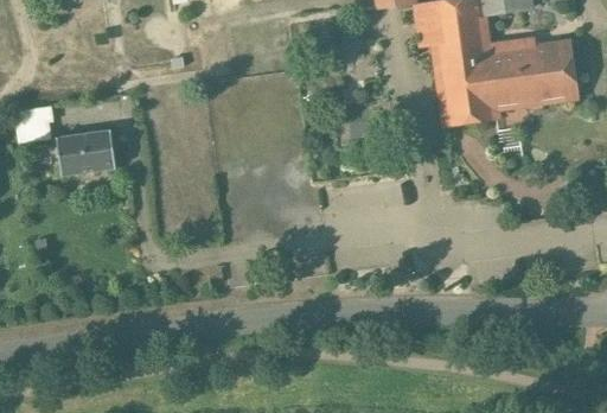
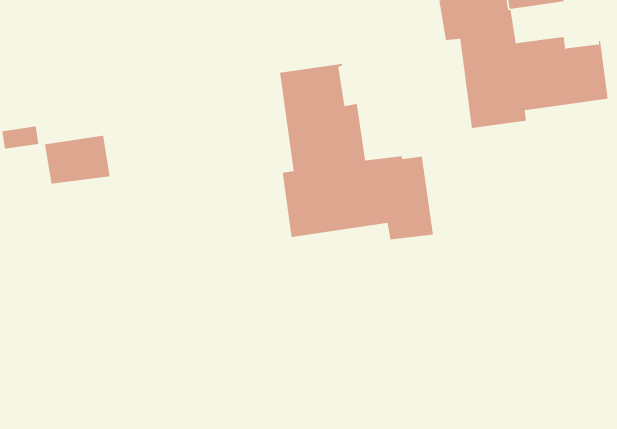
building: none -> [280,63,434,240]

